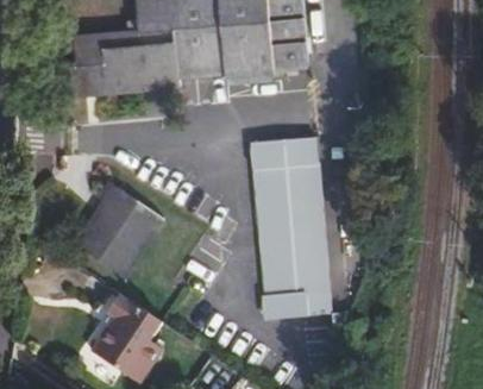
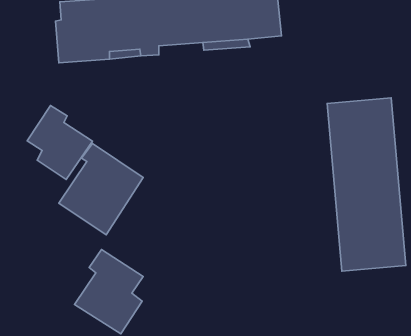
building: [249,137,332,320] -> [327,98,406,271]
building: none -> [27,105,93,180]

